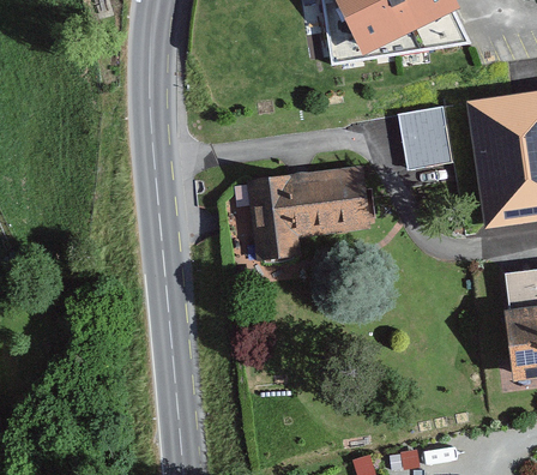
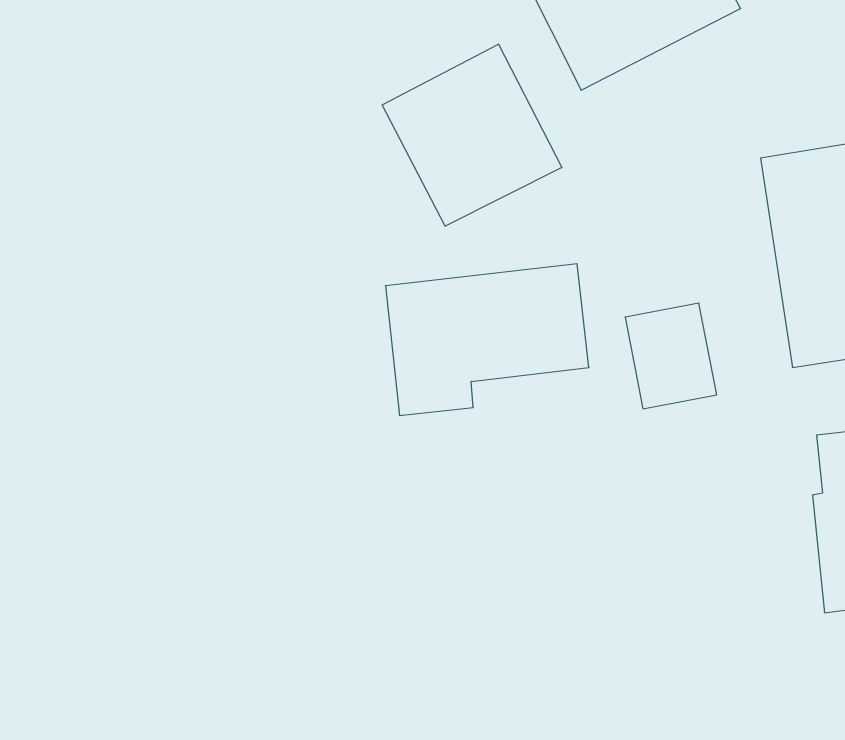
building: none -> [382,44,562,226]
building: [399,101,454,164] -> [625,303,717,409]

